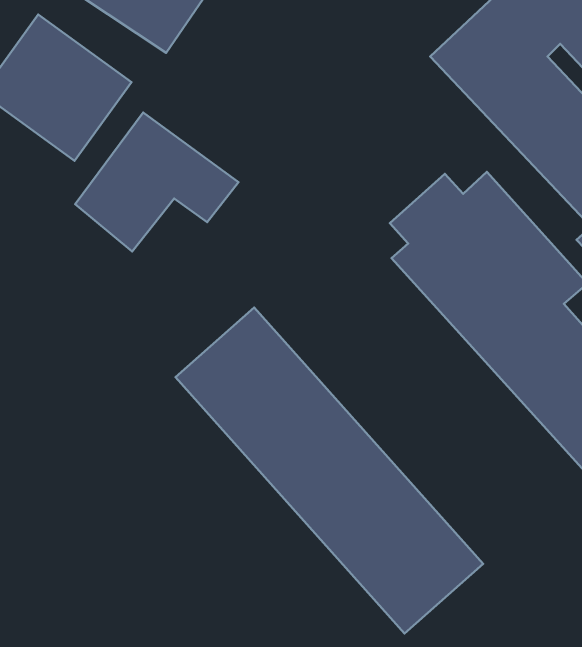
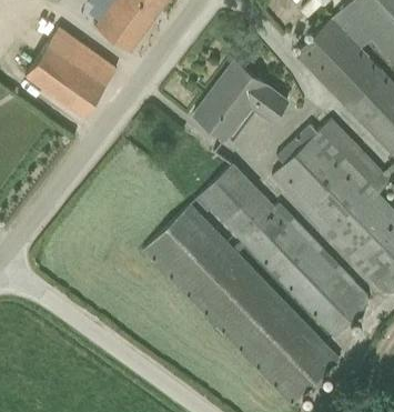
building: [75,112,238,252] -> [198,54,296,139]
building: none -> [203,165,376,343]

